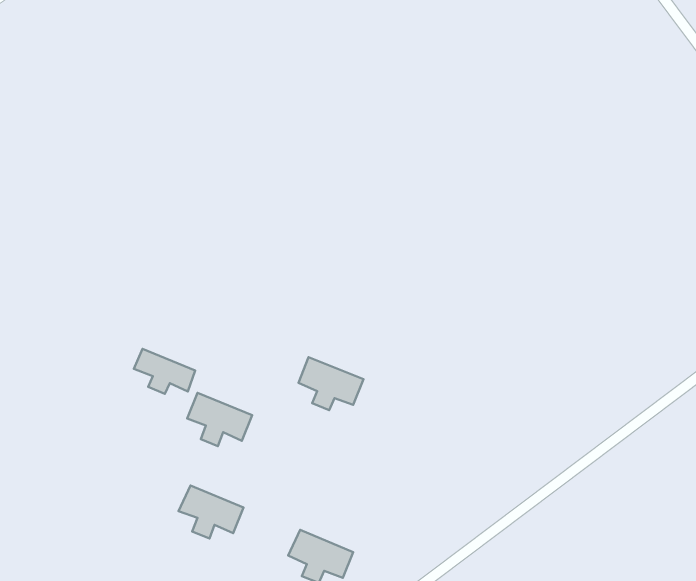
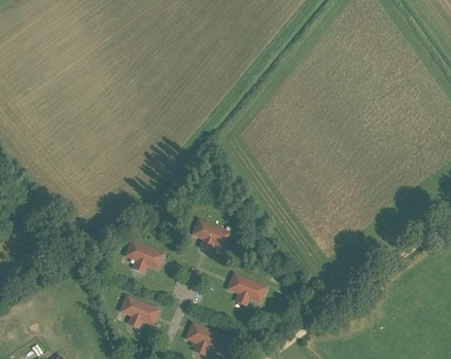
building: [134,349,195,394] -> none
building: none -> [228,273,267,304]

